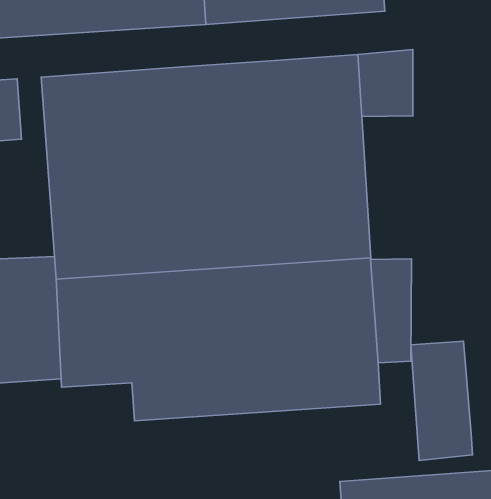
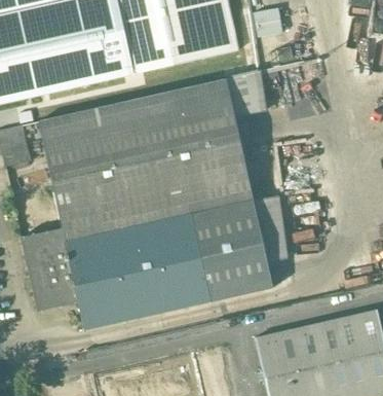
building: [411,341,473,460] -> none
building: none -> [79,296,126,328]

